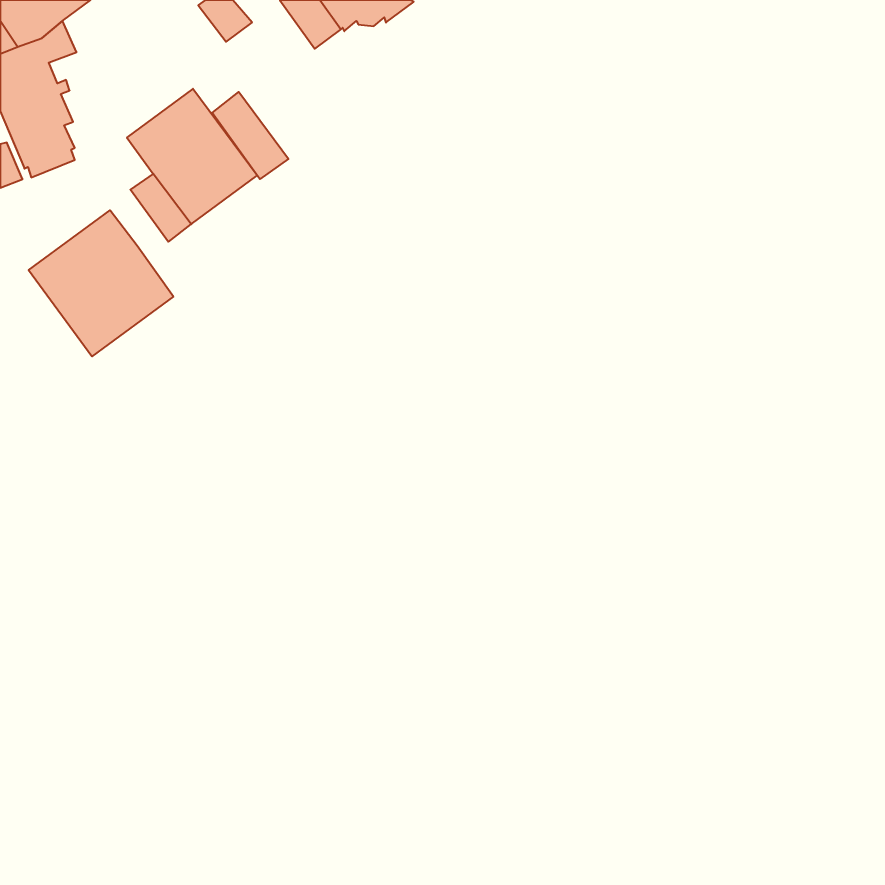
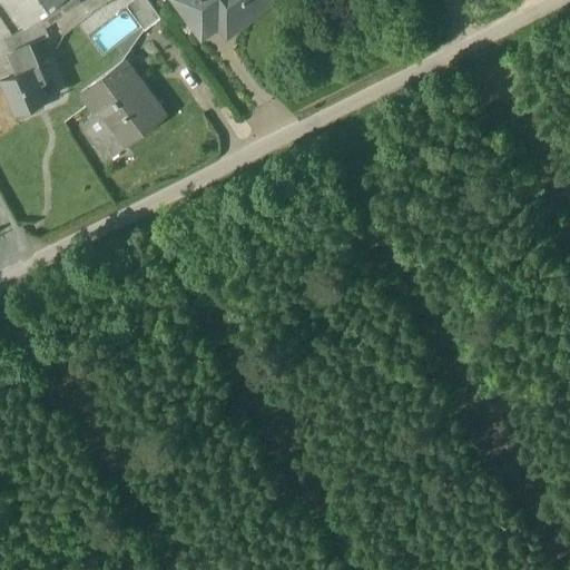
building: [212,92,288,179] -> none
building: [29,210,173,356] -> none

